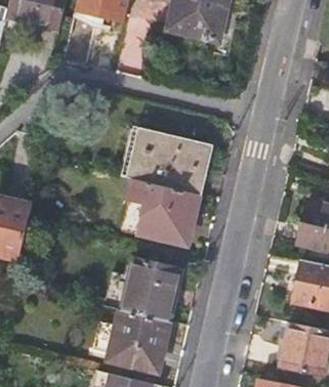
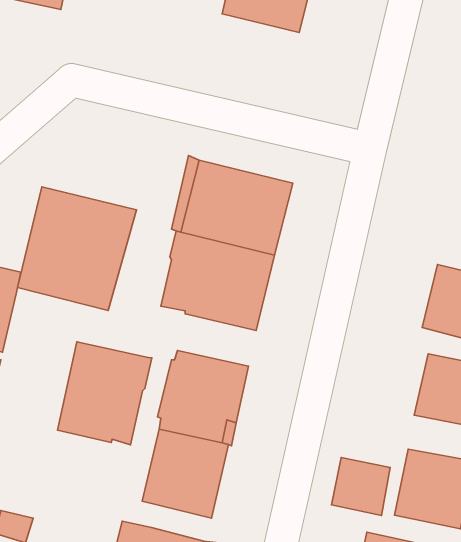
building: none -> [18,187,136,311]
building: none -> [57,342,152,445]
building: none -> [331,457,390,515]

